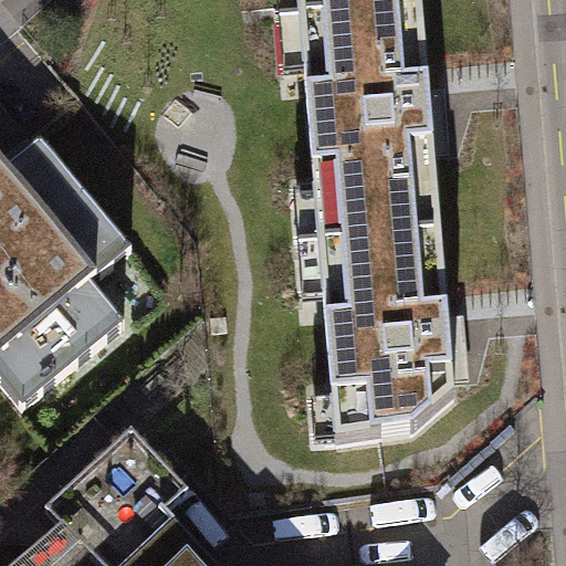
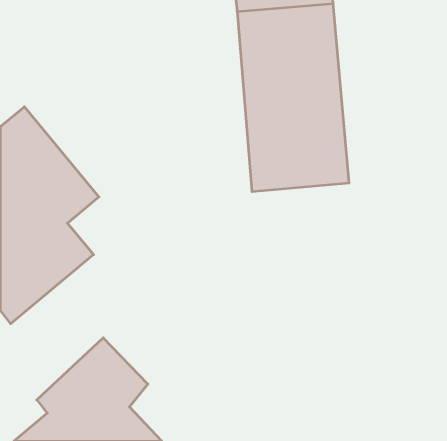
building: [318,231,454,440] -> none

